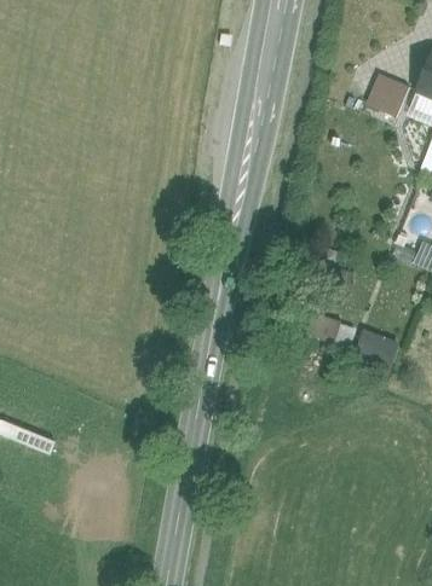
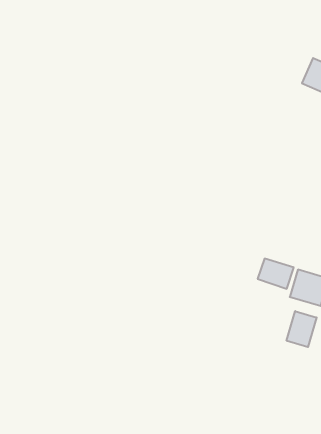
building: none -> [287,311,317,347]

